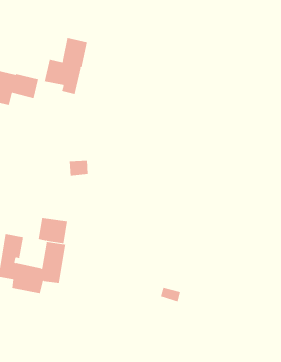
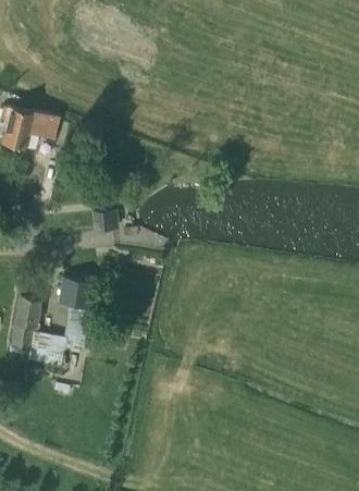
building: [44,37,88,95] -> none

